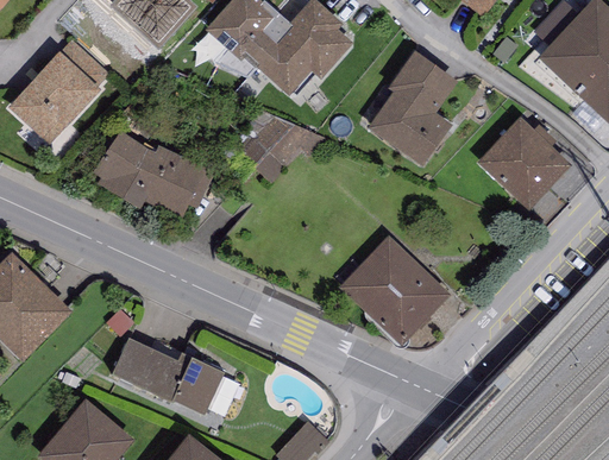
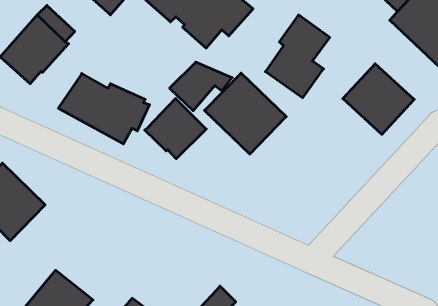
building: none -> [145,98,206,159]
building: [339,235,451,346] -> [204,73,286,154]
building: [112,338,222,412] -> none

